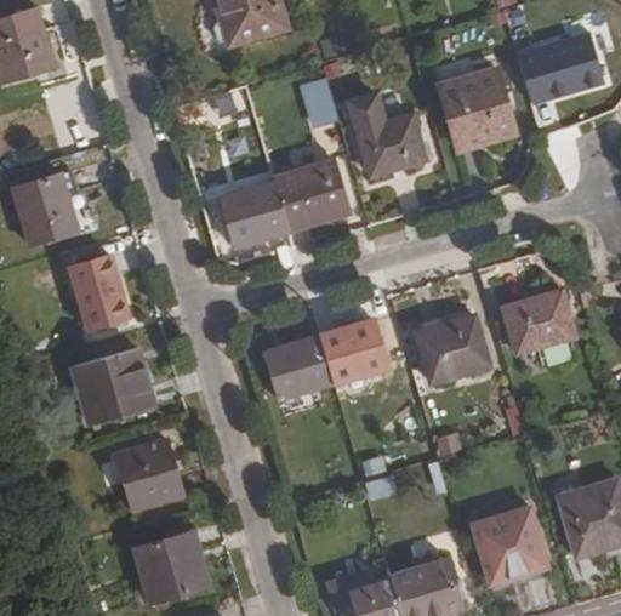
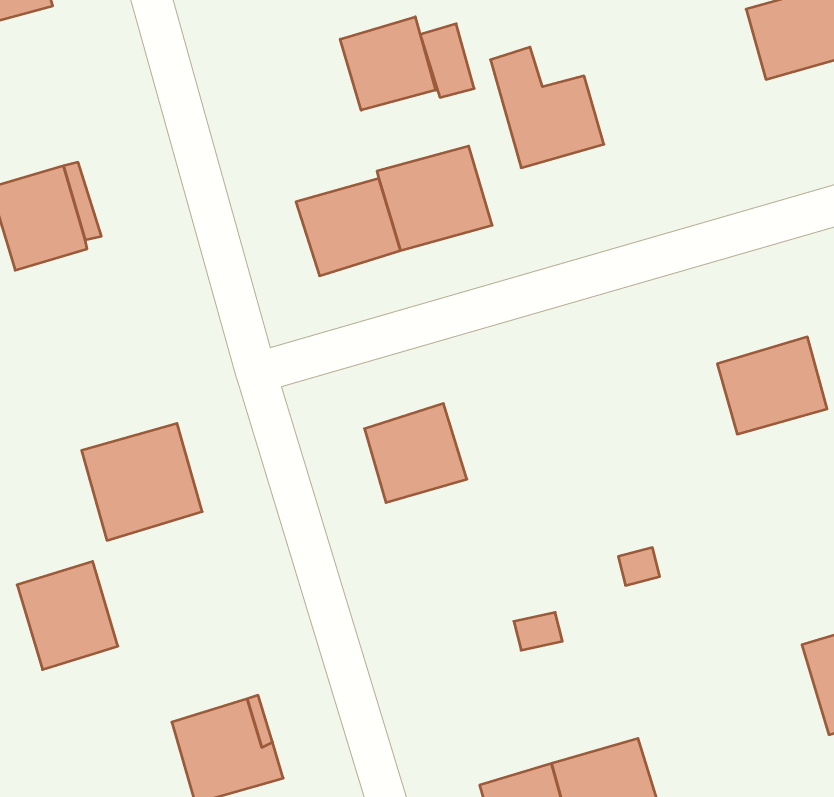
building: [437,67,515,152] -> none
building: none -> [340,17,436,110]
building: [70,255,129,329] -> none
building: [415,314,489,383] -> none
building: [317,318,387,384] -> none
building: [115,438,183,511] -> [17,561,118,670]
building: [471,507,548,583] -> none

